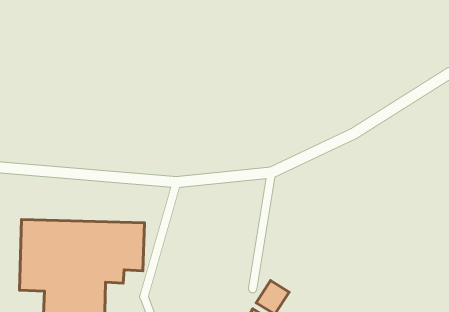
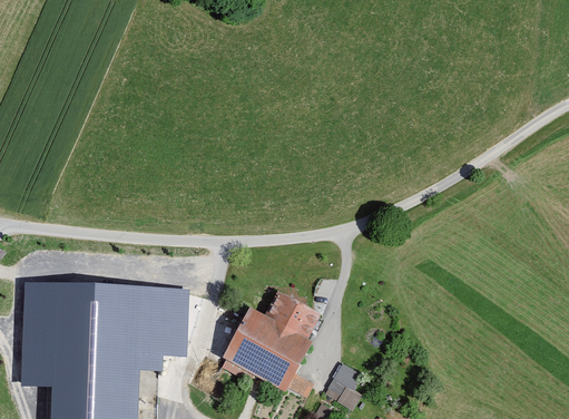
building: none -> [223,296,320,397]

